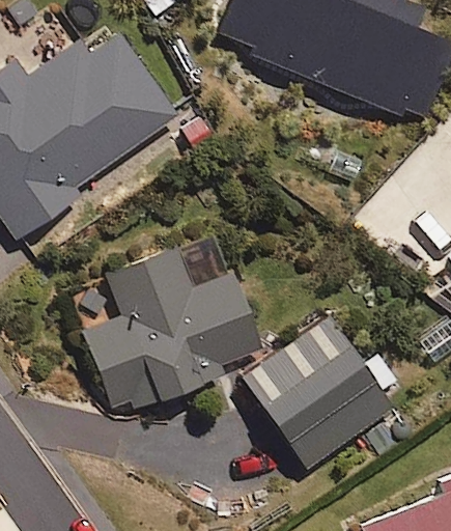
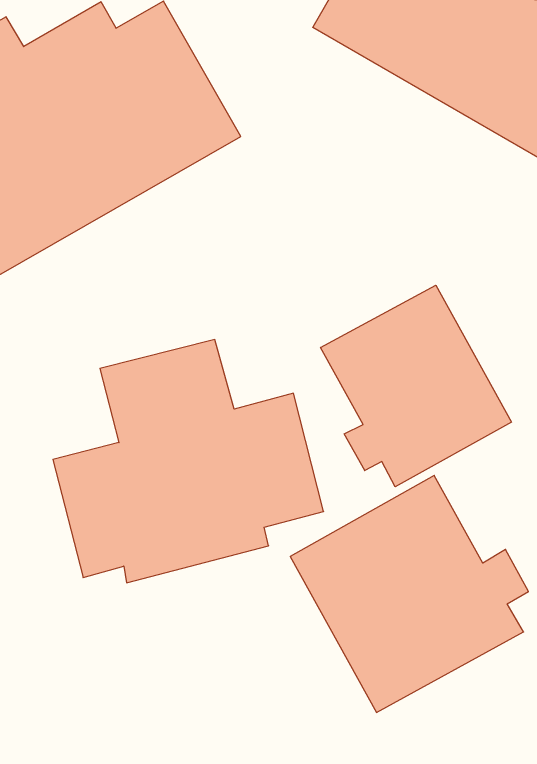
building: none -> [321,285,511,487]

